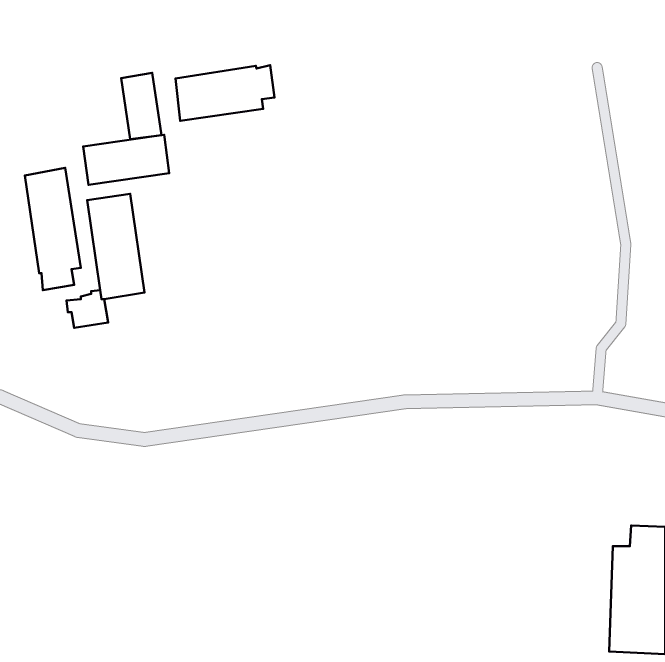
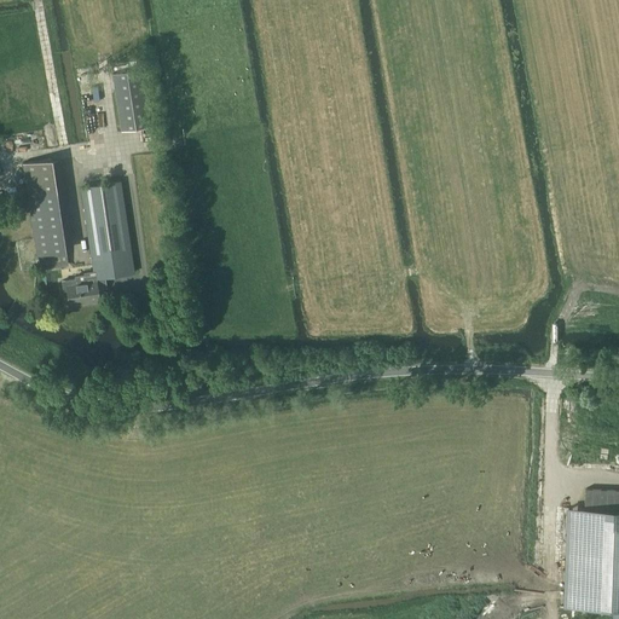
building: [175,65,275,121] -> none
building: [83,135,169,185] -> none

